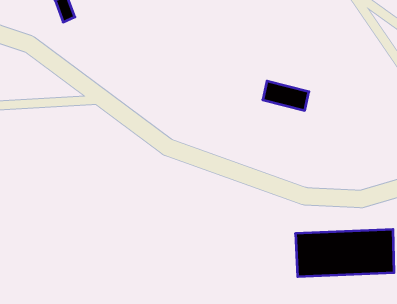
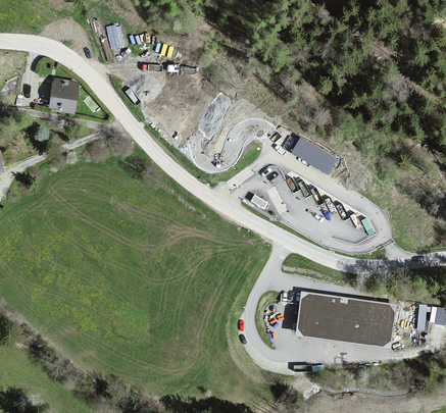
building: none -> [50,81,79,113]

